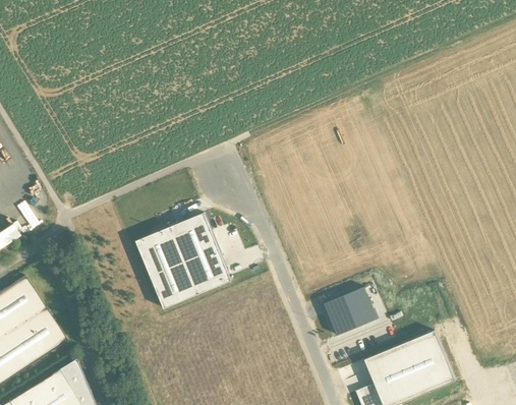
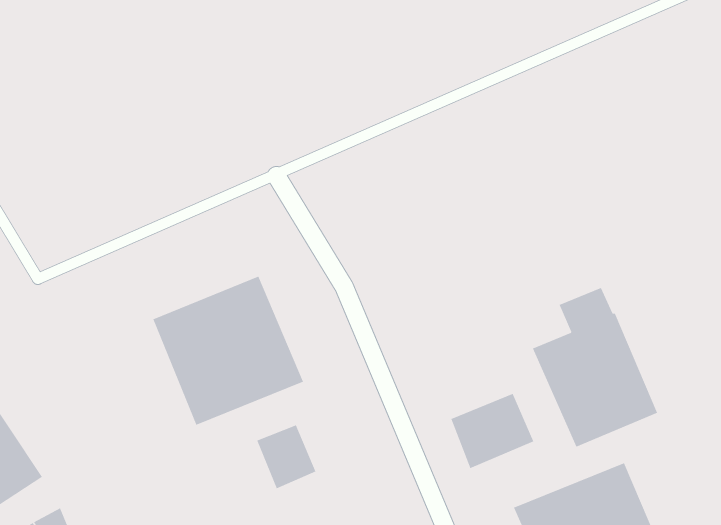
building: none -> [532,287,658,447]
building: none -> [257,424,316,489]

